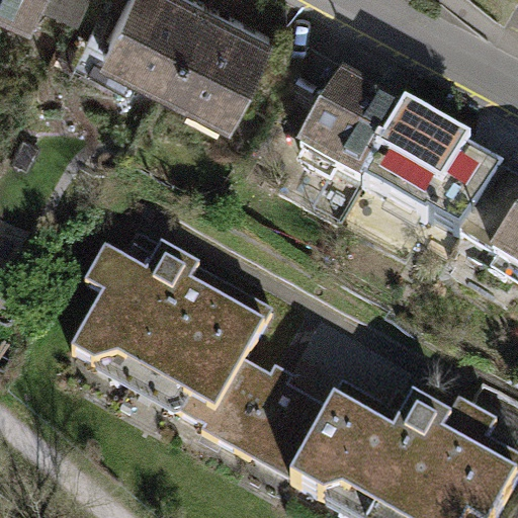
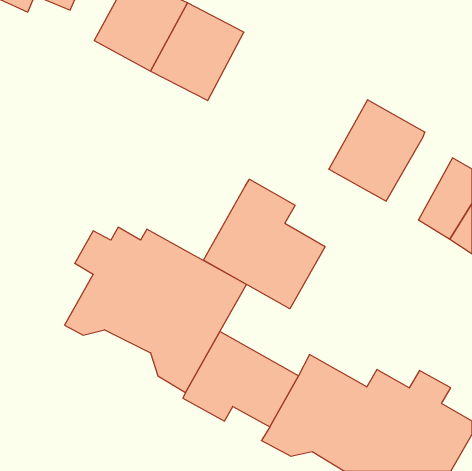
building: [299,76,403,185] -> none
building: [423,150,496,241] -> none
building: none -> [203,179,325,309]

